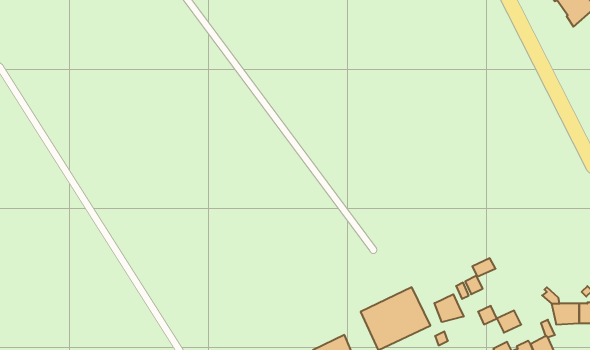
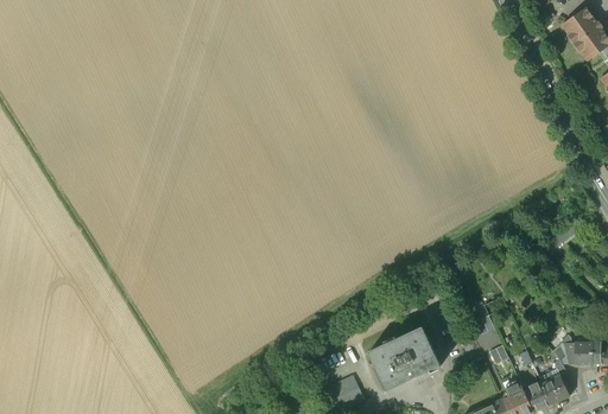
building: [434,294,464,322] -> none

